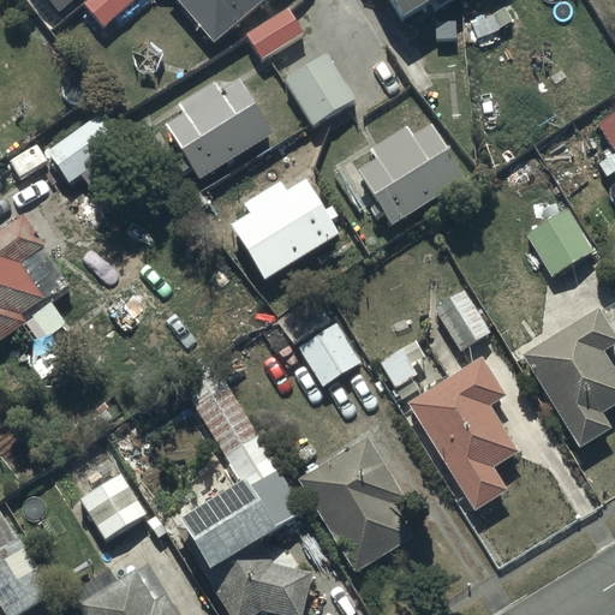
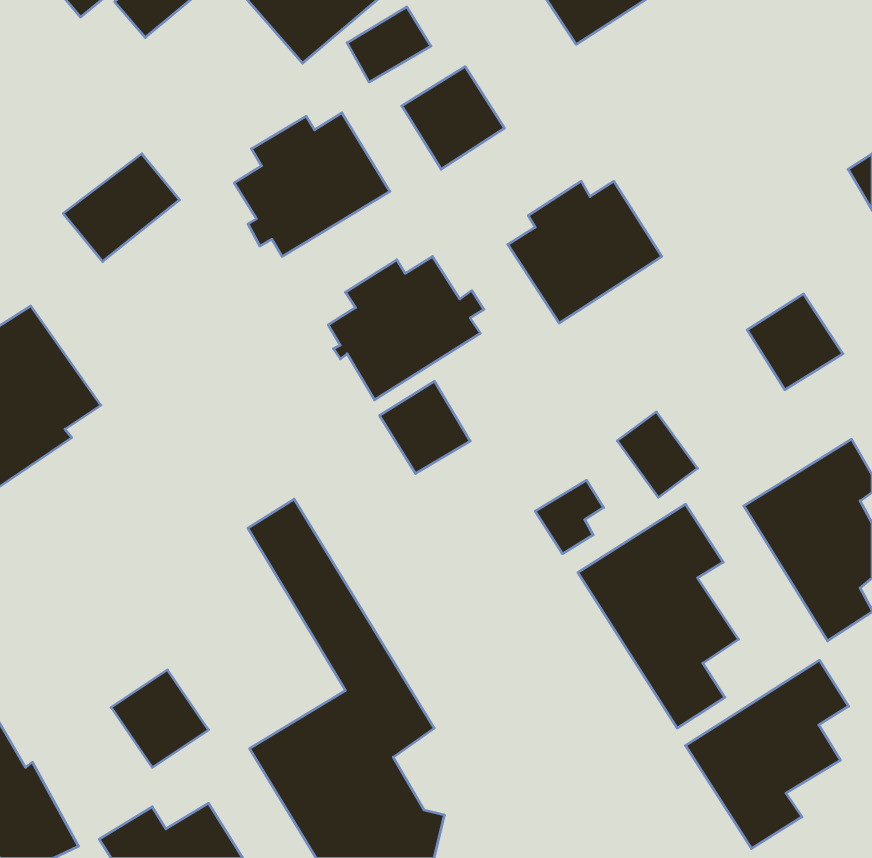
building: [298,318,362,383] -> [380,381,470,474]
building: [298,438,416,574] -> none
building: none -> [685,660,849,849]

